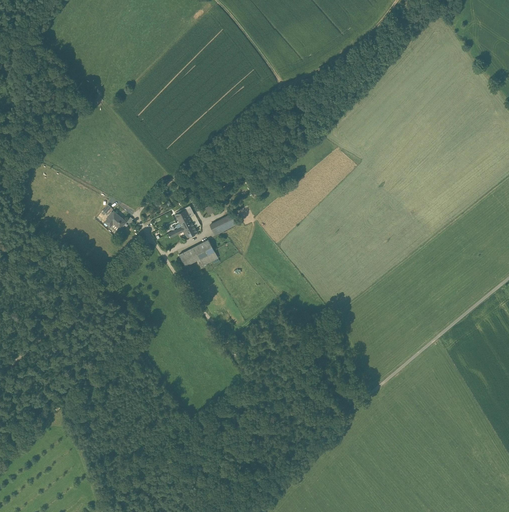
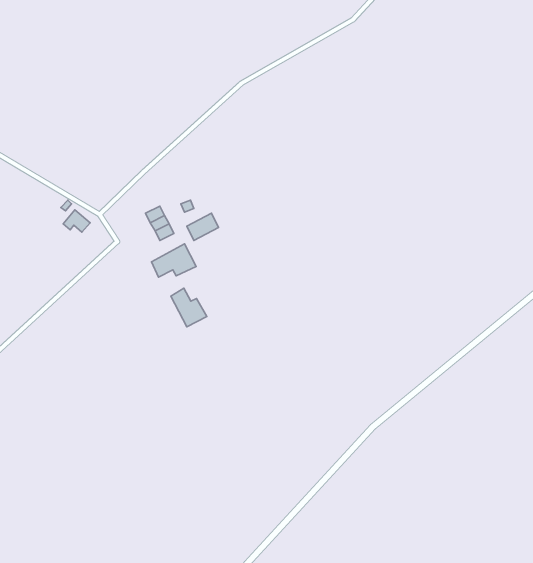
building: none -> [171,288,207,327]

